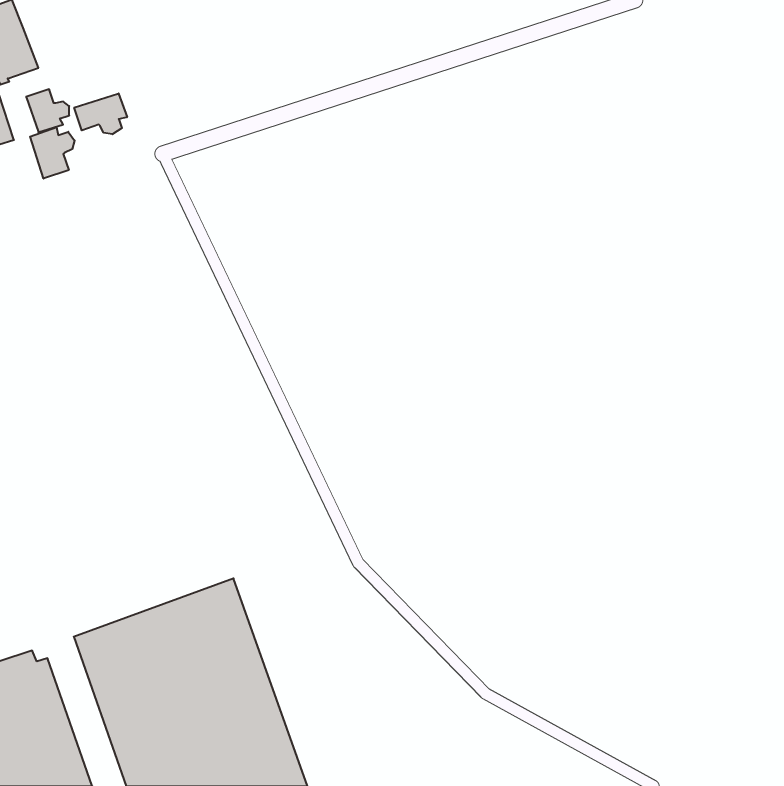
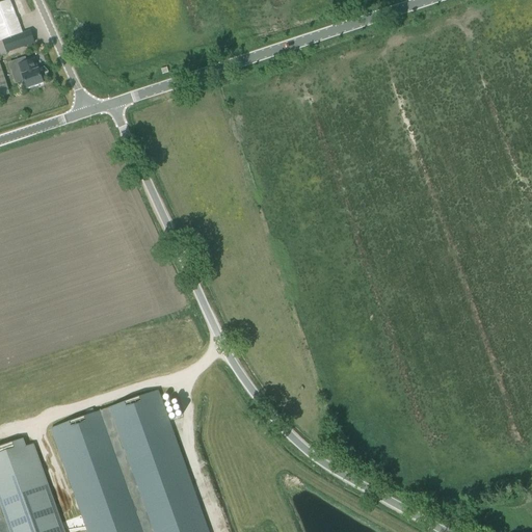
building: [74,93,127,134] -> none
building: [30,127,75,179] -> none

